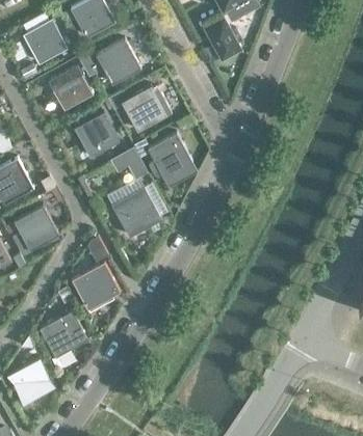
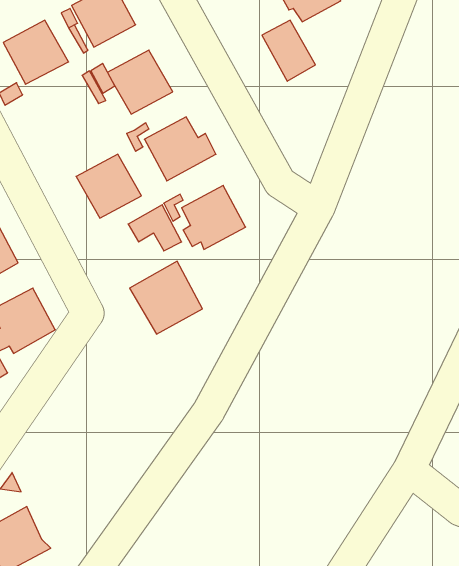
building: [49,65,94,110] -> none
building: [72,263,121,309] -> none
building: [40,311,88,358] -> none

